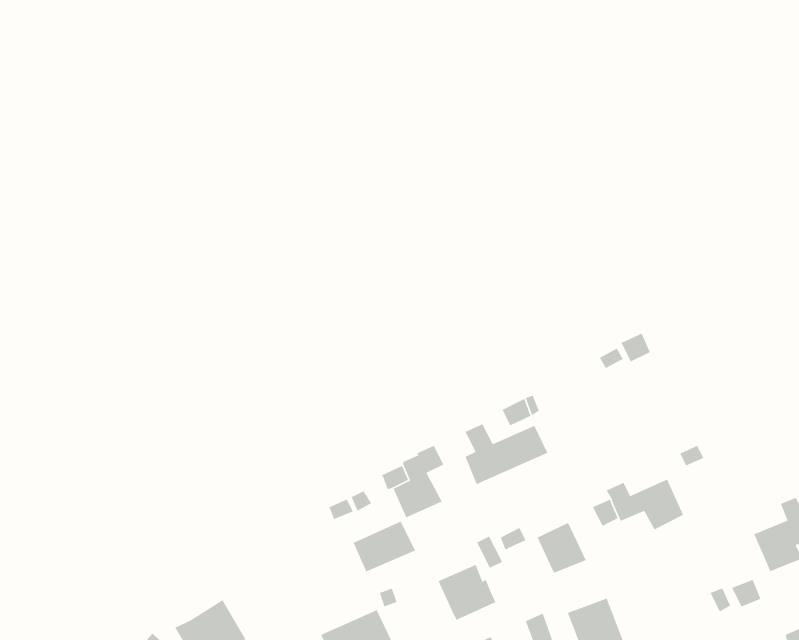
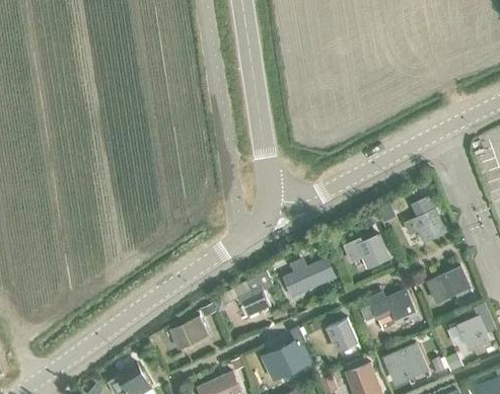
building: none -> [405,211,444,243]
building: none -> [343,237,388,268]
building: none -> [426,267,469,302]
building: [352,521,416,573] -> [170,317,209,348]
building: none -> [384,345,425,382]

